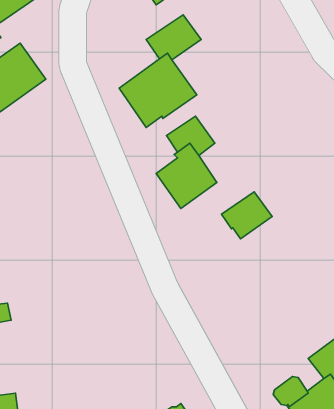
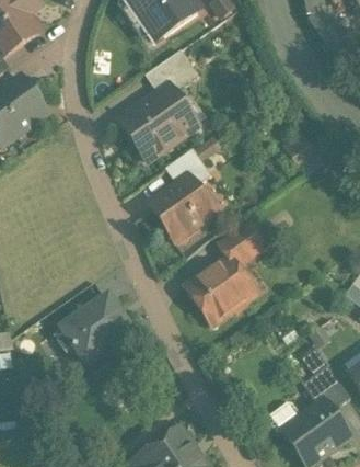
building: none -> [186,258,251,323]
building: none -> [58,296,128,362]

